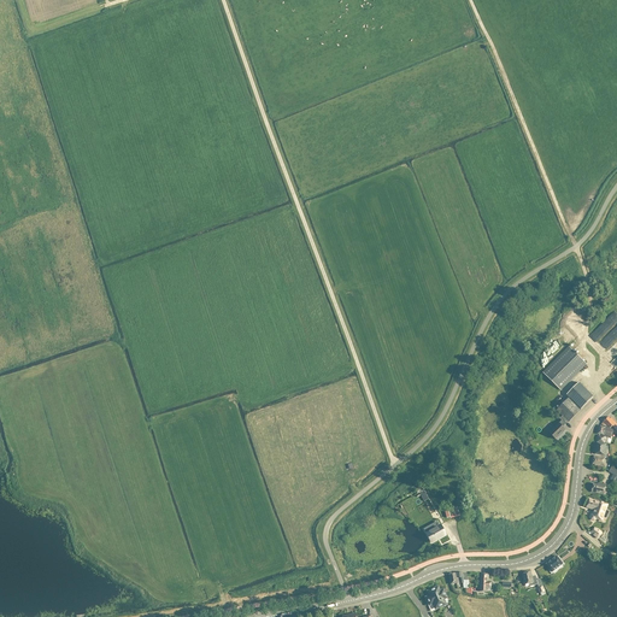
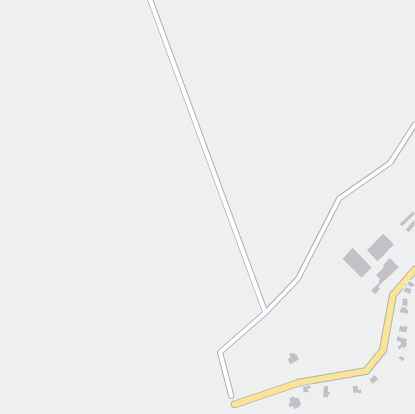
building: none -> [342,247,373,279]

